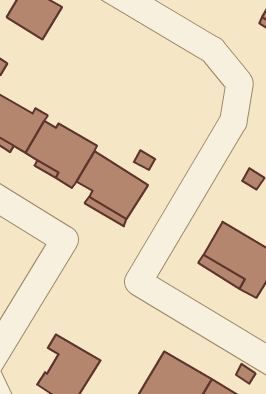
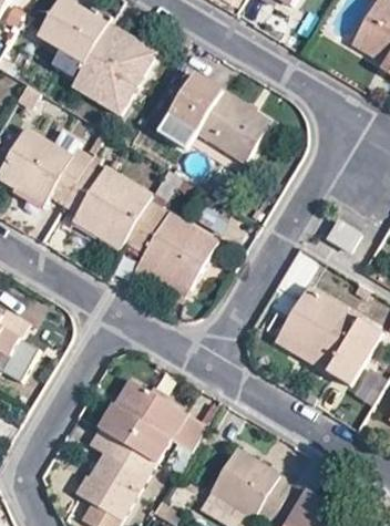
building: none -> [71,23,154,112]
building: none -> [160,78,268,161]
building: none -> [100,380,204,461]

